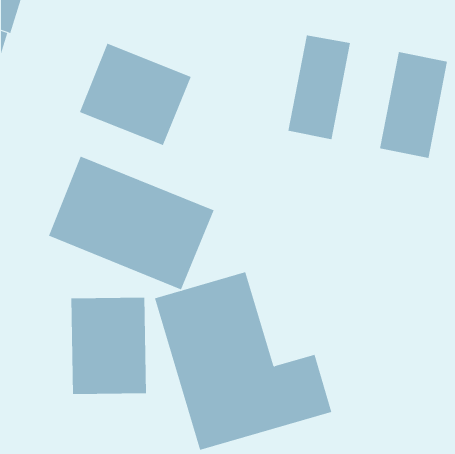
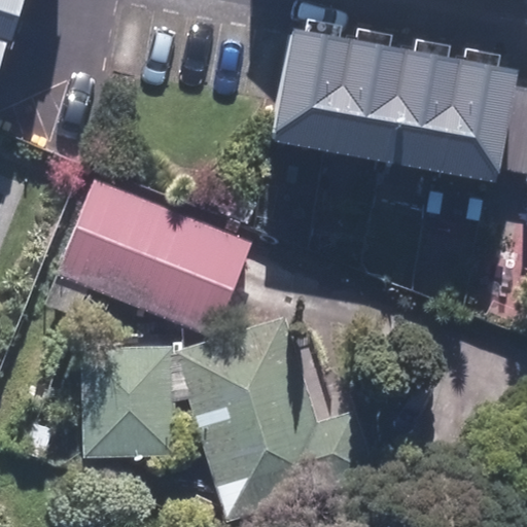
building: none -> [271,29,354,151]
building: none -> [384,49,460,172]
building: [79,43,191,146] -> none

